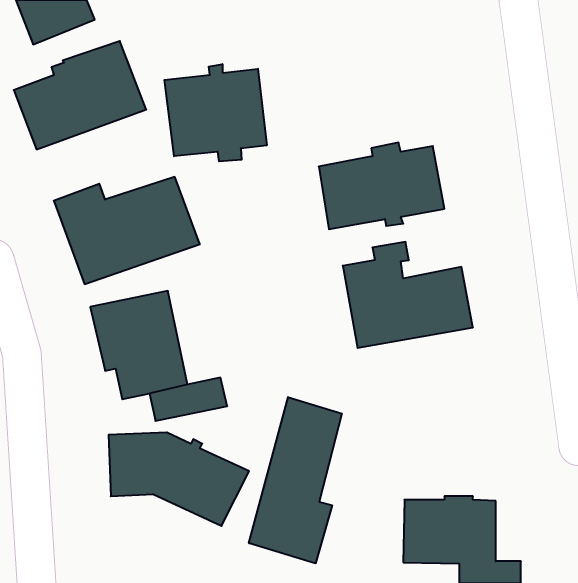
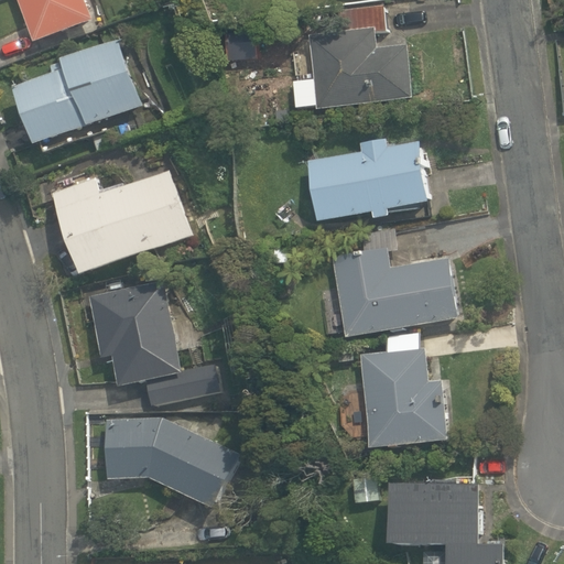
building: none -> [290,6,411,109]
building: [164,64,267,161] -> none
building: none -> [358,335,446,448]
building: [249,397,342,563] -> none

